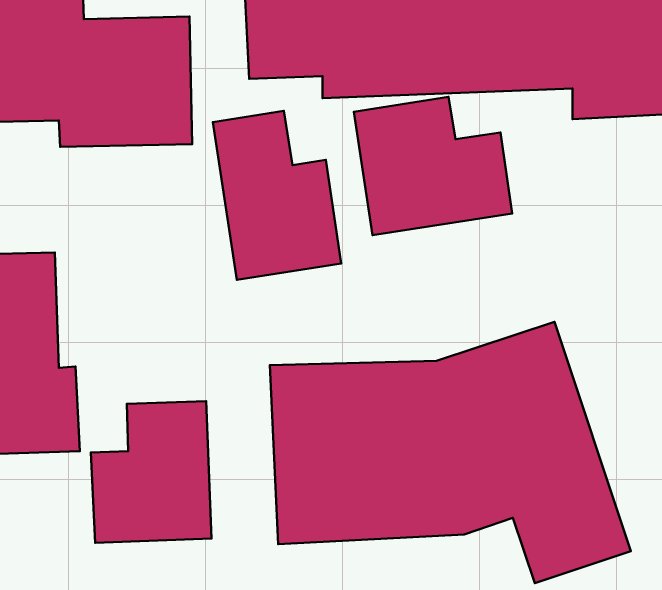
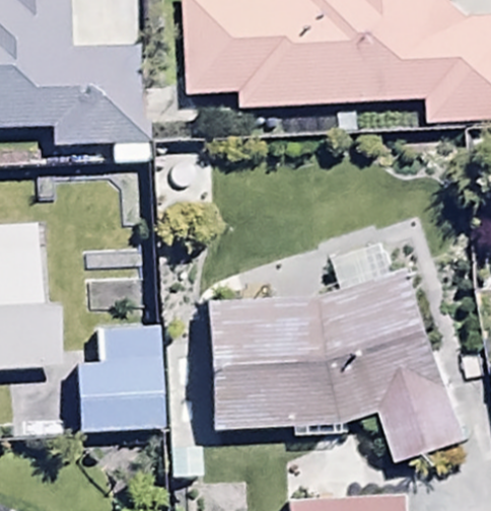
building: [354,97,512,235] -> none
building: [213,111,341,280] -> none

